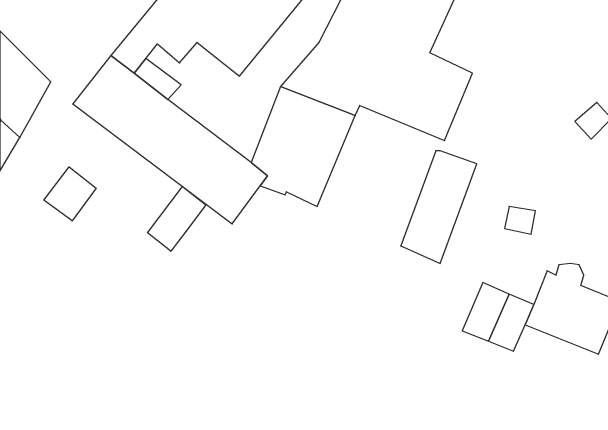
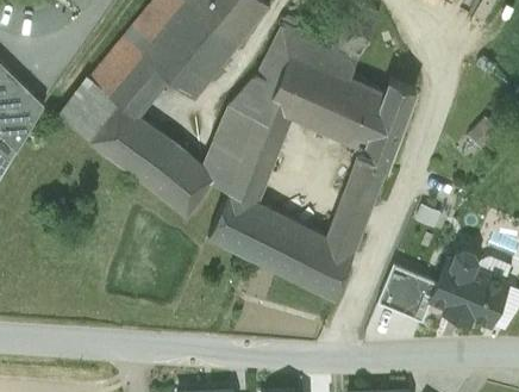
building: none -> [358,82,417,169]
building: [44,167,96,221] -> none
building: [148,187,206,251] -> none
building: none -> [211,192,358,300]

